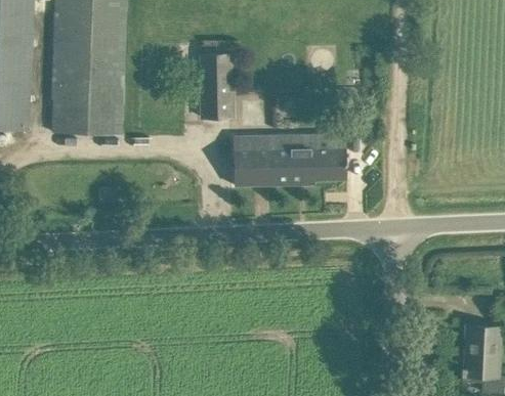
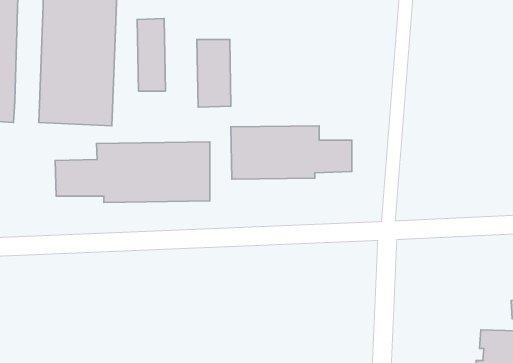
building: none -> [137,19,165,91]
building: none -> [55,142,210,202]

